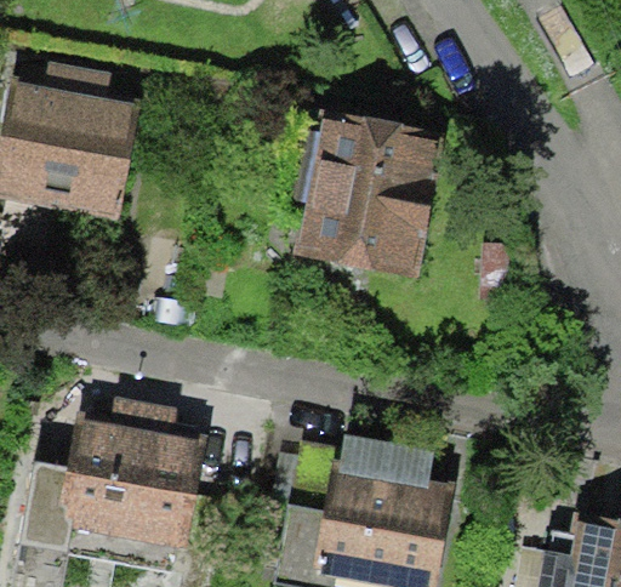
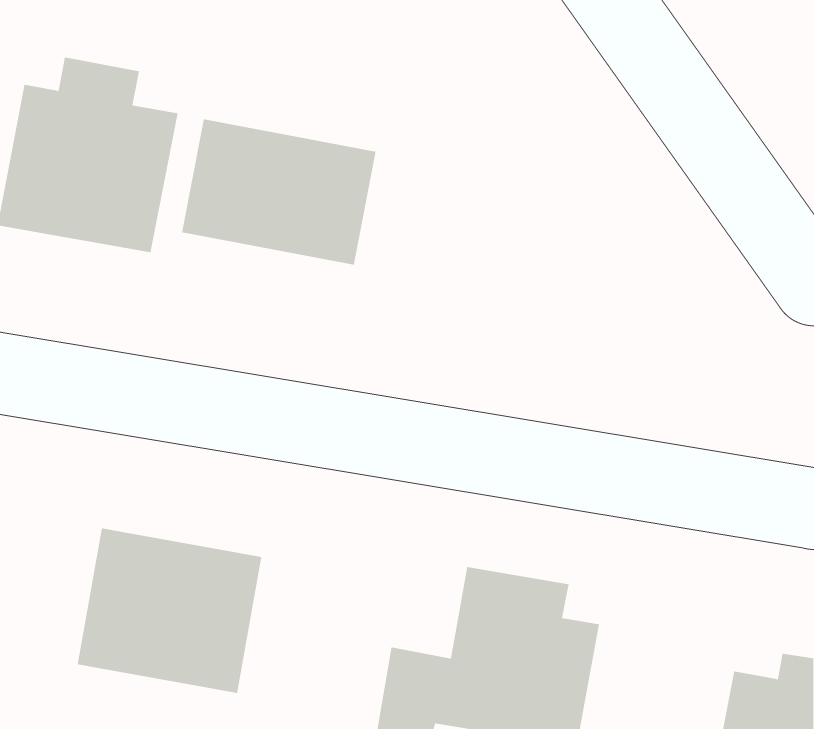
building: none -> [181,119,376,265]
building: [295,125,428,267] -> none

